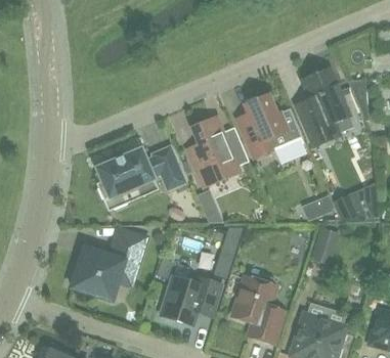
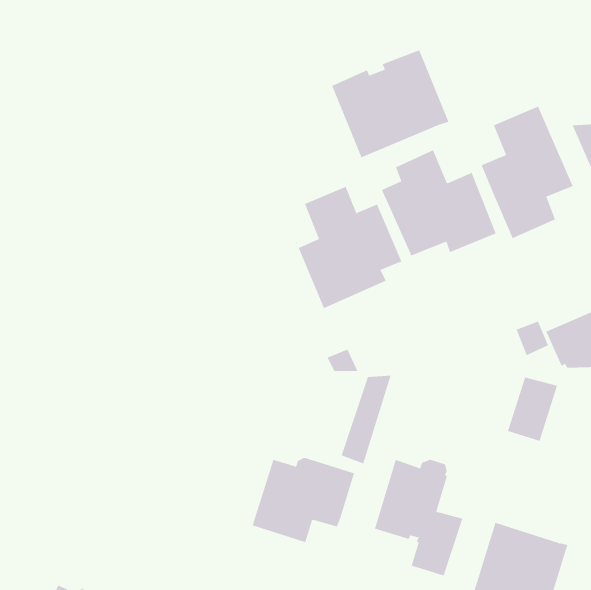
building: none -> [331,50,449,158]
building: [95,145,185,211] -> none
building: [69,229,145,299] -> none

